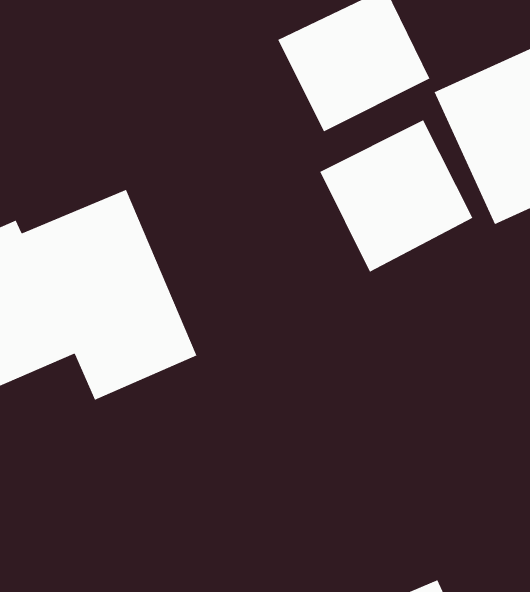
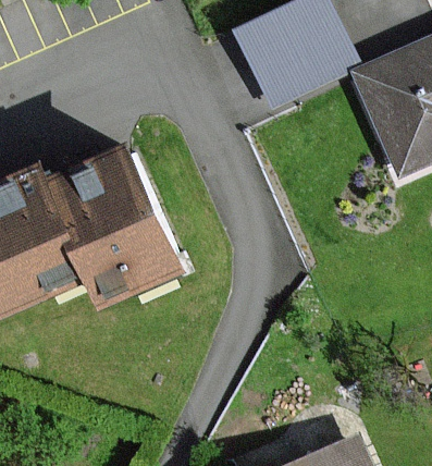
building: [319,119,474,273] -> none

